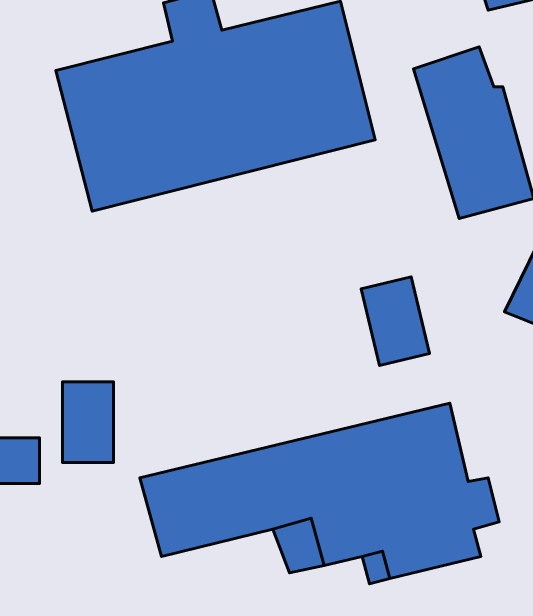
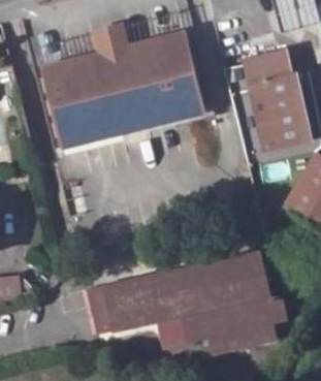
building: [361,277,430,366] -> none
building: [62,382,113,462] -> none

